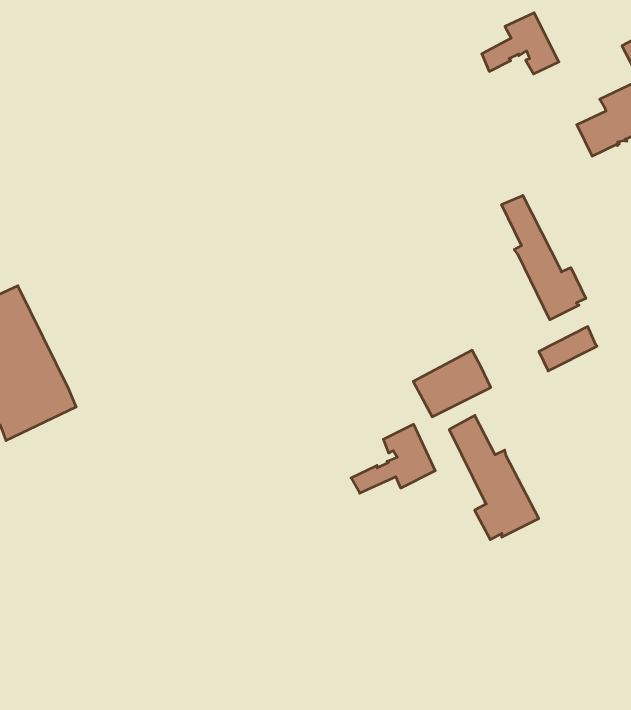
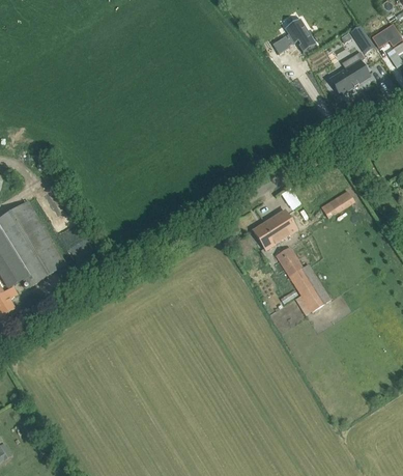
building: [502,195,586,320] -> none
building: [351,424,435,493] -> none

